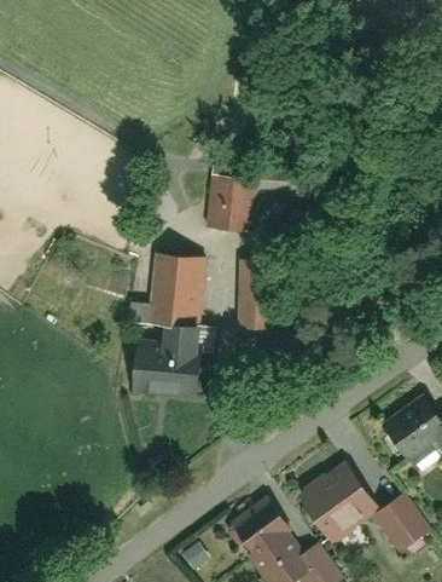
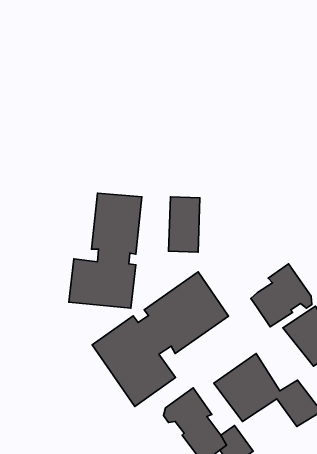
building: [205,177,260,235] -> none
building: none -> [251,264,312,327]
building: none -> [92,272,228,407]

